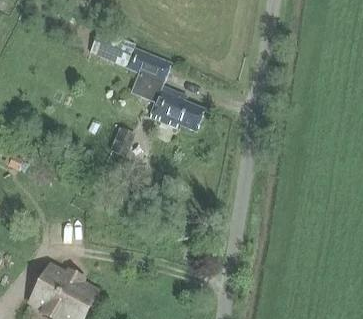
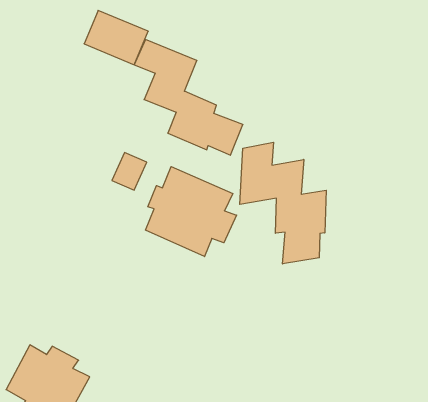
building: none -> [240,142,326,264]
building: none -> [145,167,237,257]

